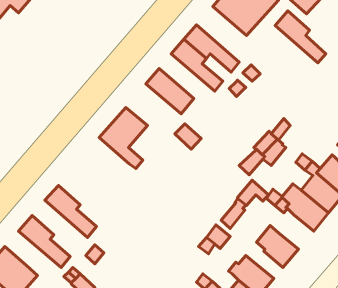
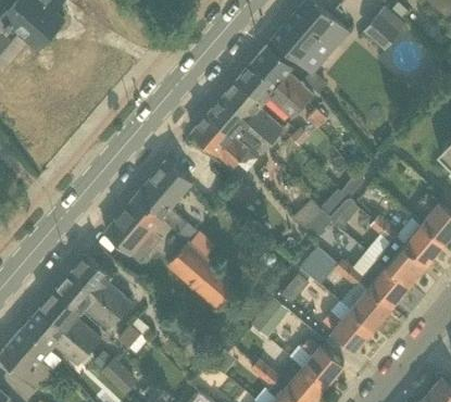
building: [275,11,326,63] -> [251,46,312,108]
building: none -> [206,98,273,154]
building: none -> [104,198,171,264]
building: none -> [167,242,239,311]
building: none -> [54,273,121,330]
building: none -> [349,290,391,331]
building: none -> [22,310,89,366]

